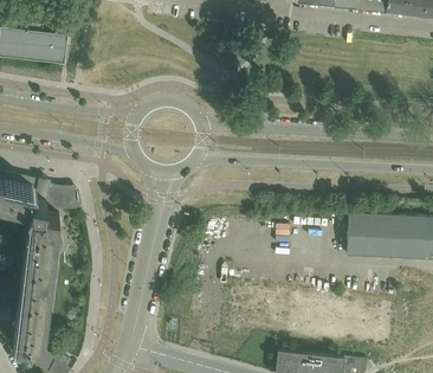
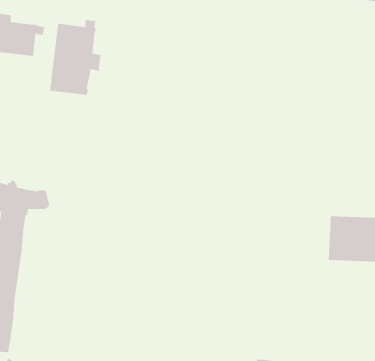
building: none -> [50,19,101,96]

